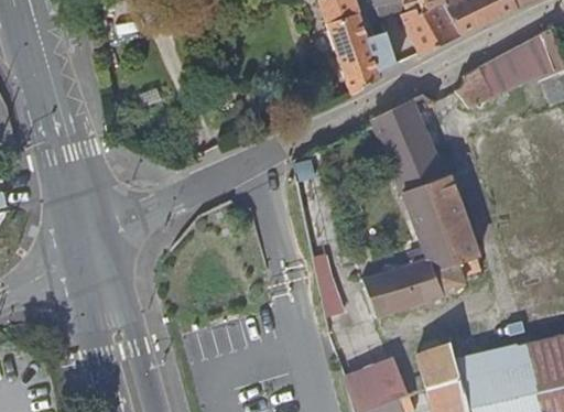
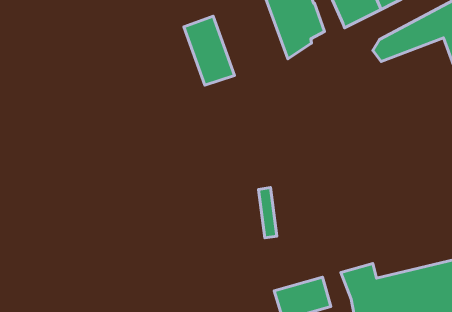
building: none -> [184,16,235,85]
building: [365,100,478,317] -> none

